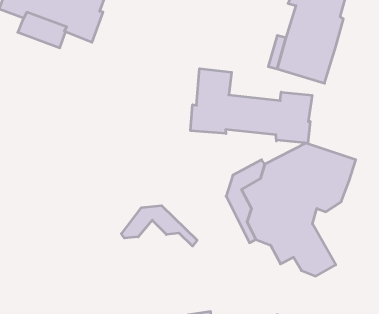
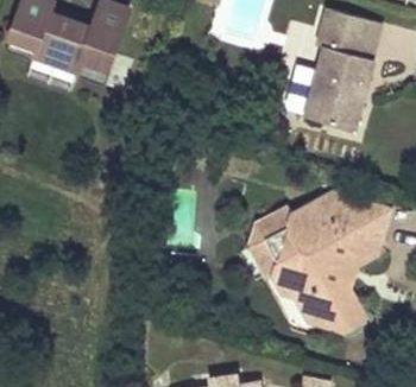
building: [191,69,312,143] -> none
building: [121,206,197,246] -> none

